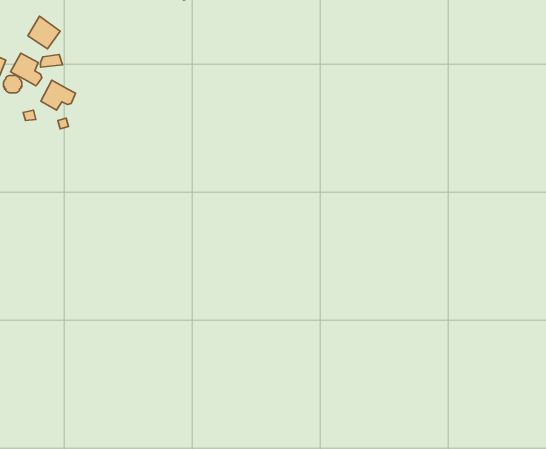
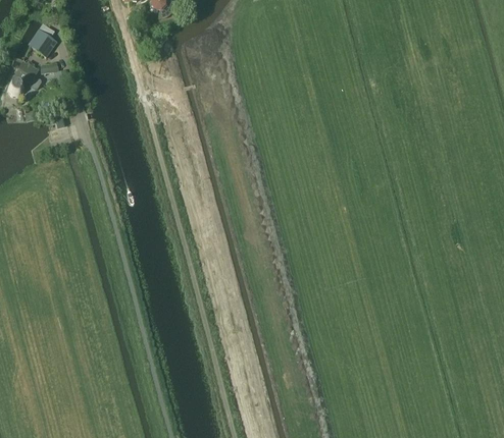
building: [41,80,75,110] -> none

